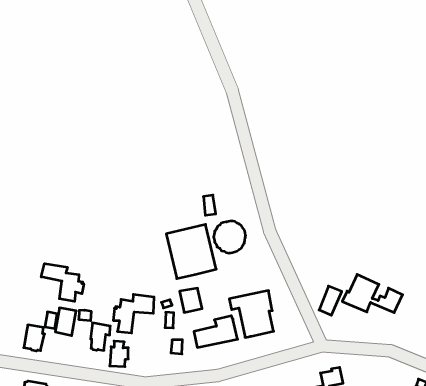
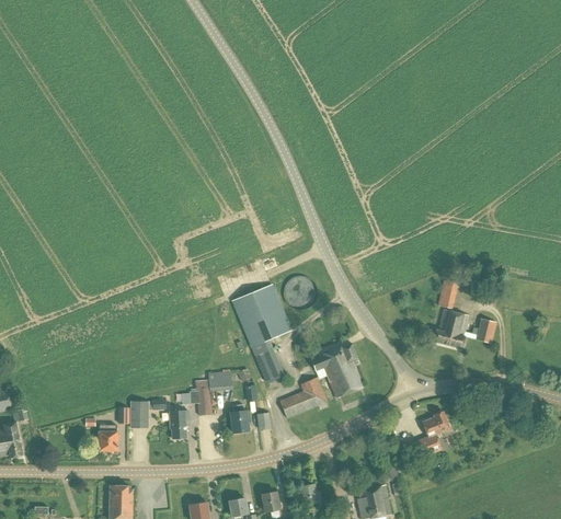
building: [41,264,84,301] -> none
building: [319,286,342,315] -> [437,278,458,309]
building: [110,341,128,367] -> [230,404,251,432]

